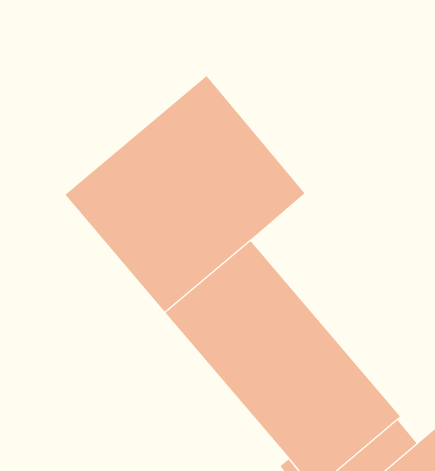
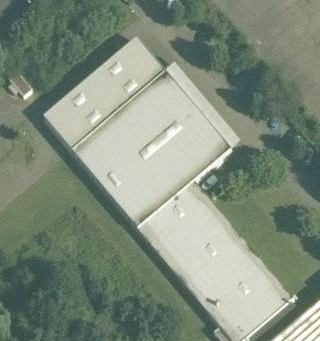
building: none -> [44,37,166,149]

